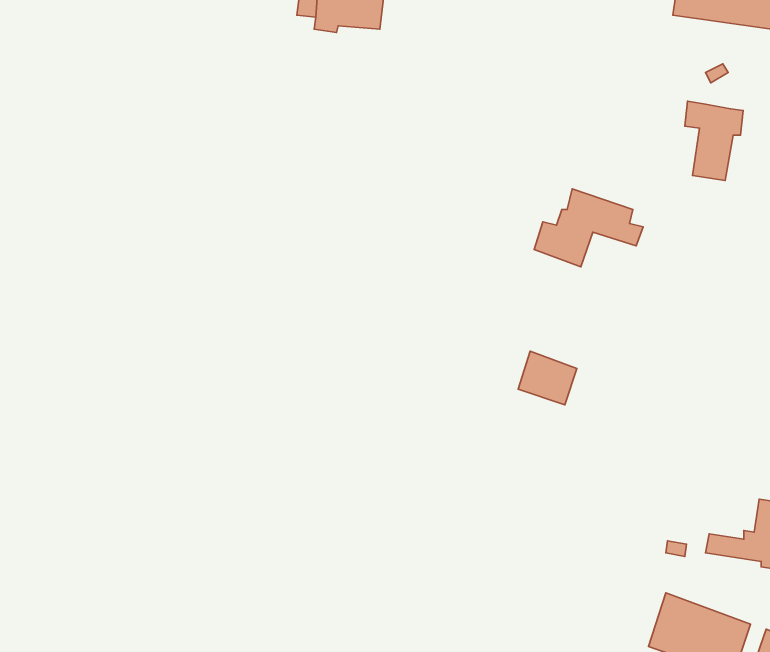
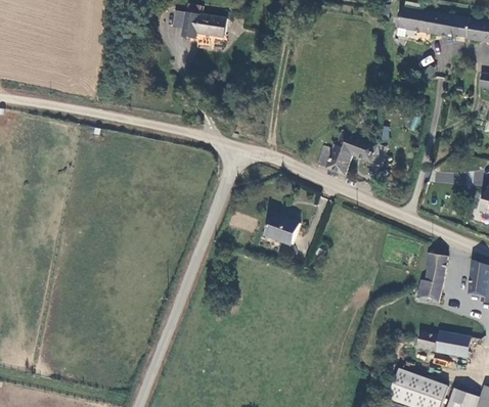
building: [685,101,743,180] -> none
building: [518,351,577,405] -> [265,214,300,245]
building: none -> [418,255,448,304]

